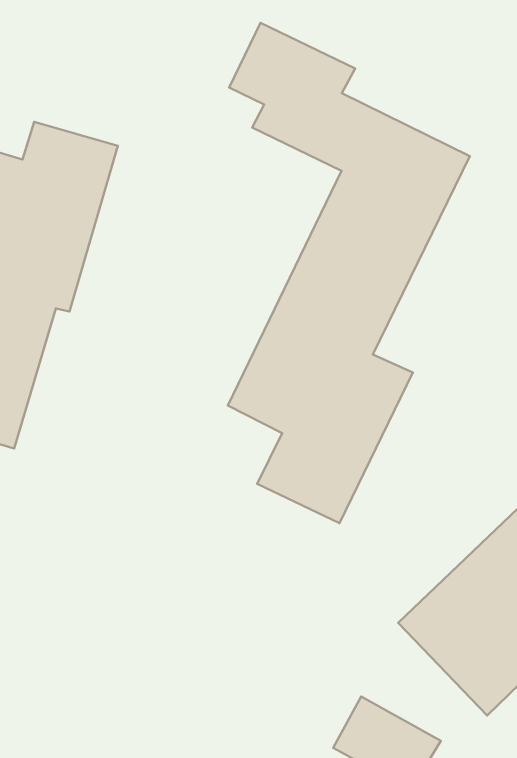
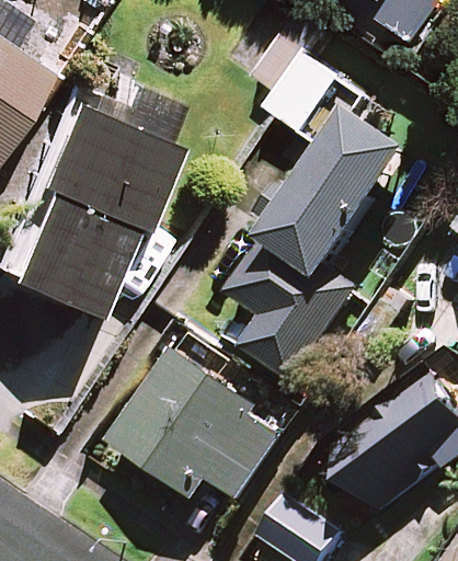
building: none -> [115,352,286,499]

